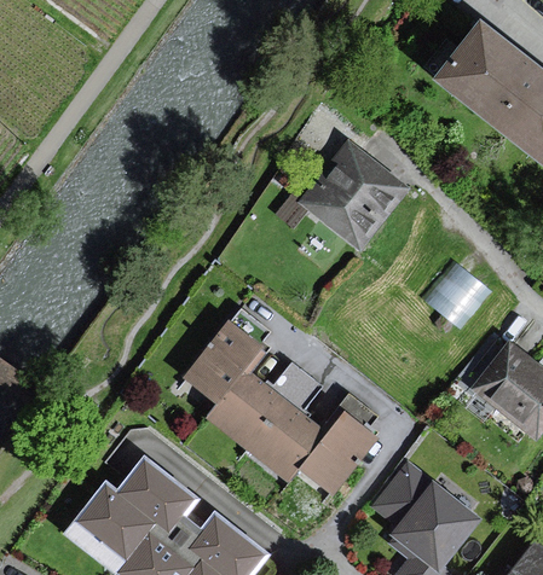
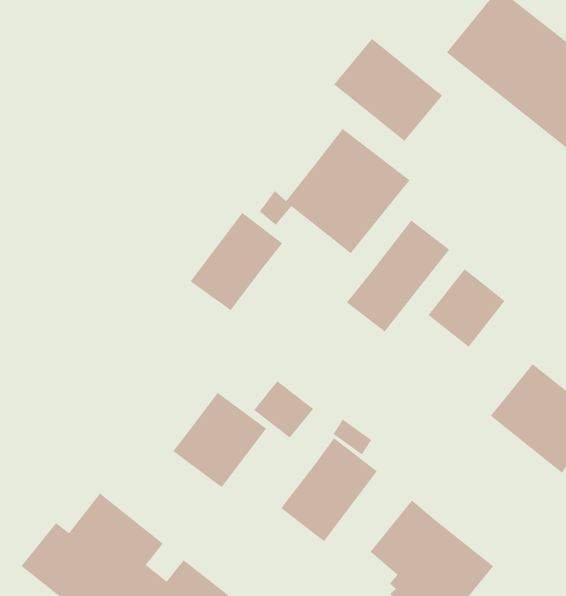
building: none -> [333,38,443,142]
building: none -> [346,220,450,333]
building: [181,319,261,403] -> [190,212,283,311]
building: [247,400,325,481] -> none

